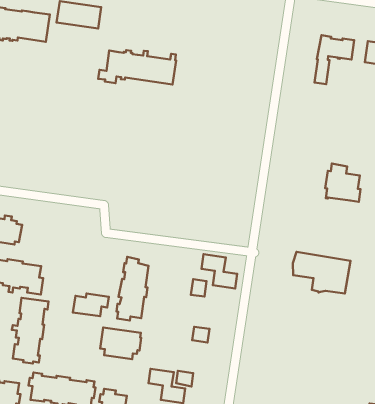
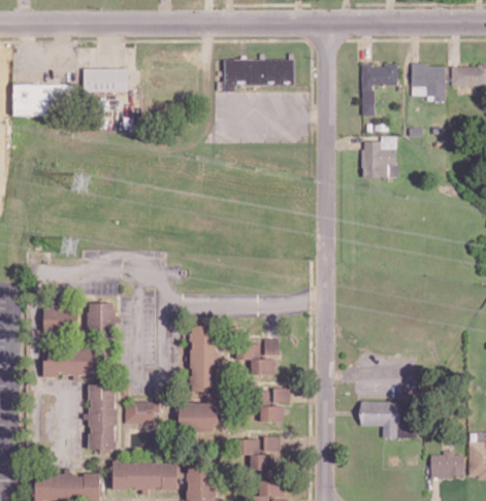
building: [98,50,176,85] -> [217,54,295,93]
building: [325,163,361,202] -> [361,141,398,178]
building: none -> [88,303,121,337]
building: [293,252,351,294] -> [359,401,419,440]
building: [201,254,237,288] -> [236,344,274,375]
building: [73,294,109,316] -> [124,402,159,424]
building: none -> [250,391,284,423]

